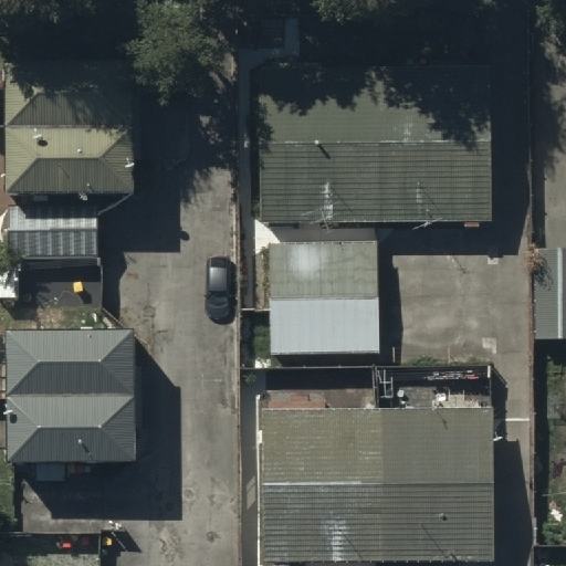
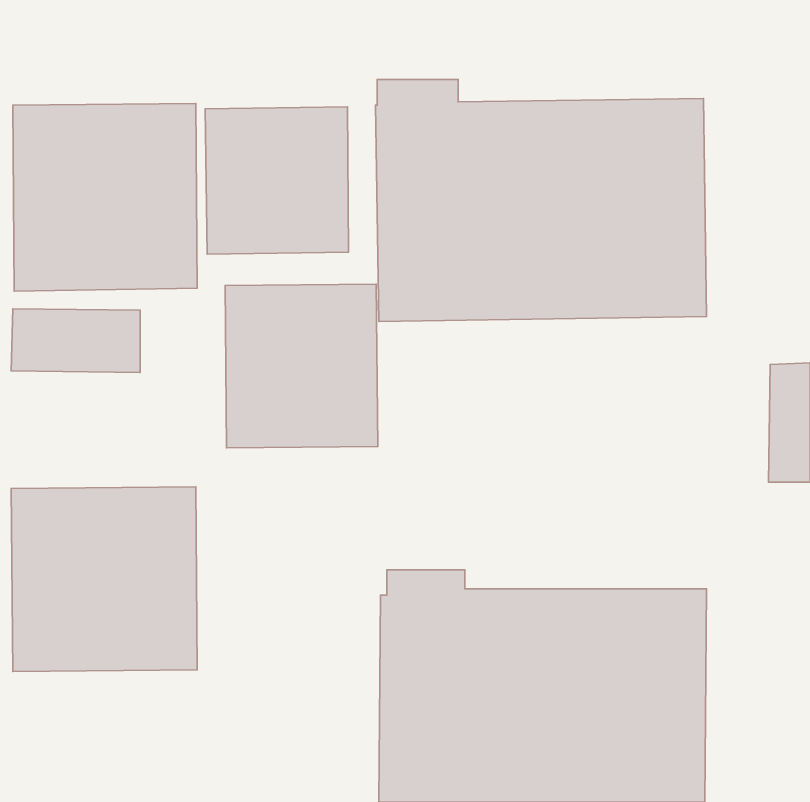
building: none -> [205,107,348,254]
building: [271,242,377,356] -> [225,284,378,448]

